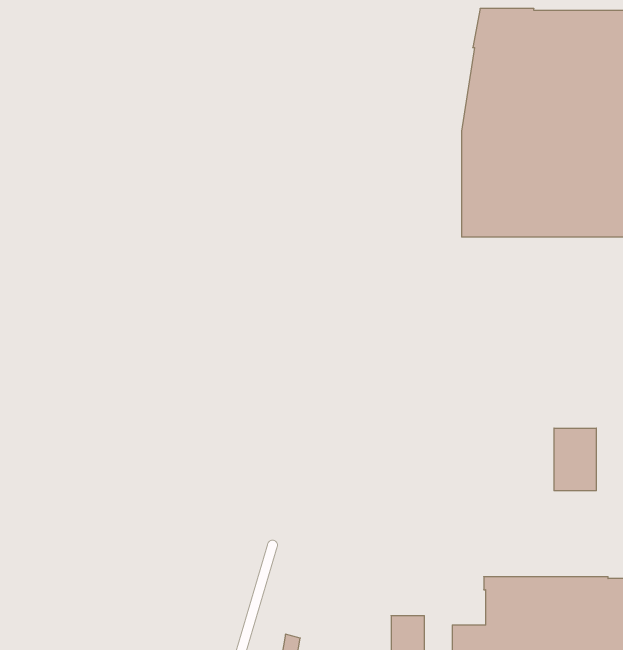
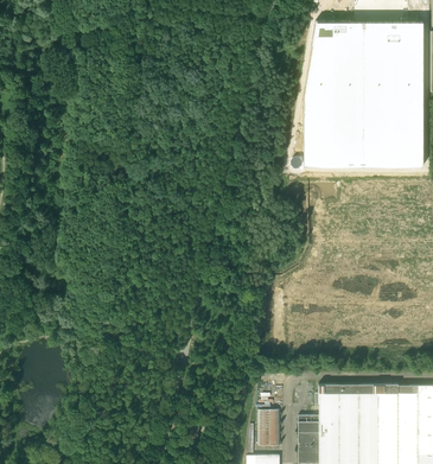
building: [554,428,596,491] -> none

